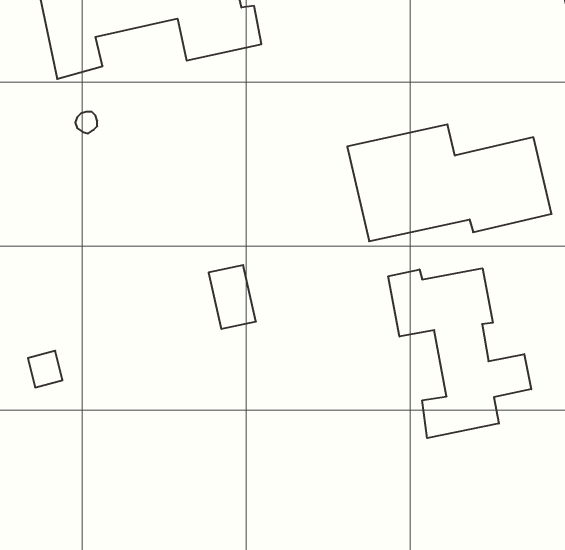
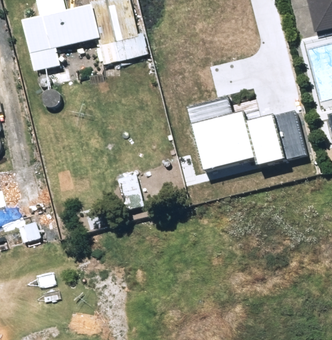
building: [388,268,531,438] -> none

